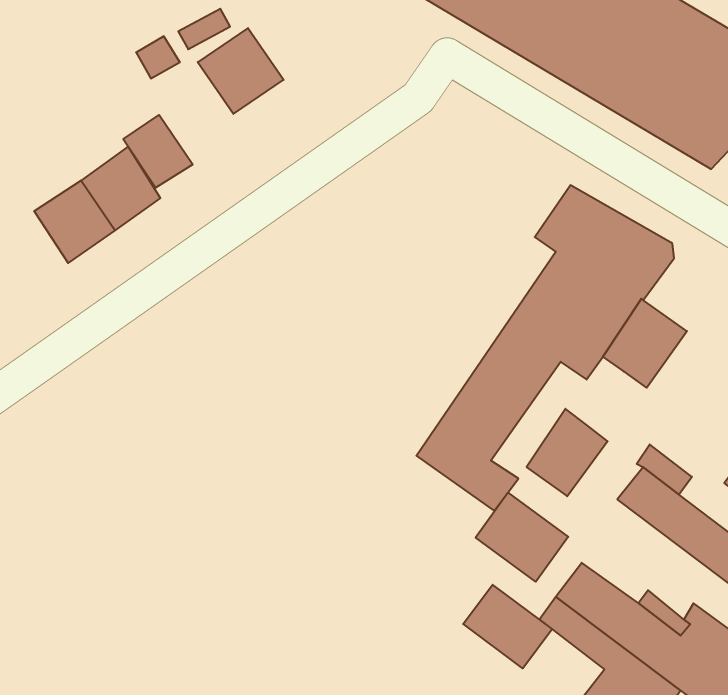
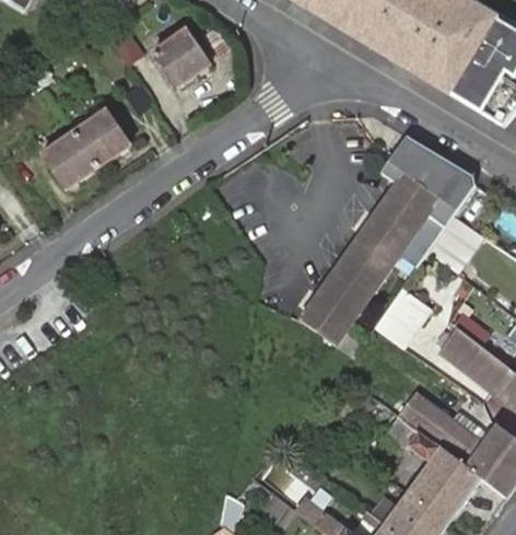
building: [123,115,193,188] -> none
building: [476,493,568,582] -> none
building: [463,585,552,668] -> none

